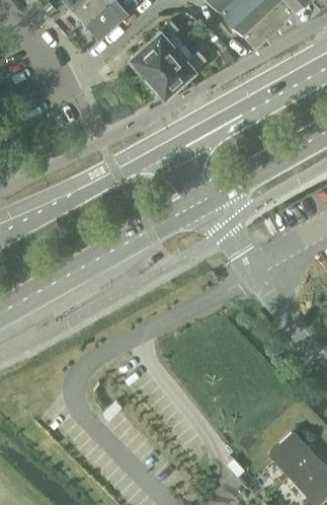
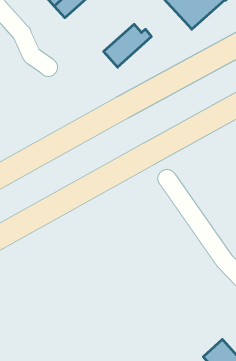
building: [129,19,184,77] -> none

